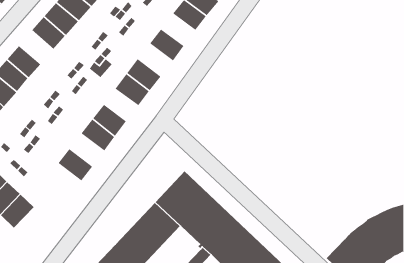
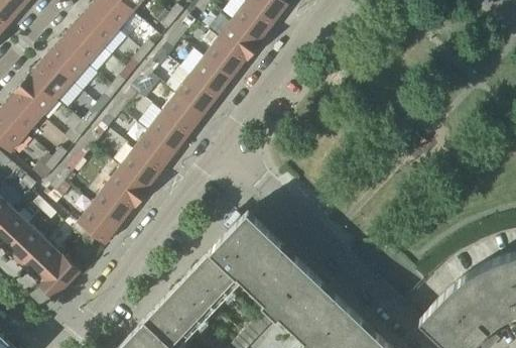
building: none -> [217,21,259,61]
building: none -> [43,41,86,83]
building: none -> [188,57,232,98]
building: none -> [147,113,189,152]
building: none -> [105,167,148,208]
building: none -> [72,204,120,245]
building: none -> [37,257,80,300]

